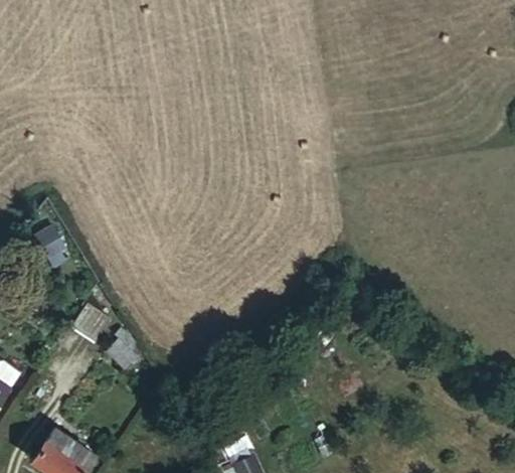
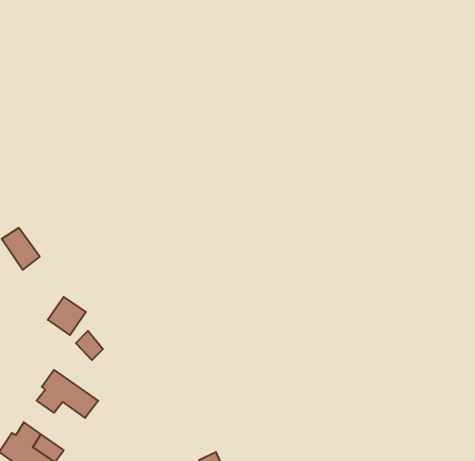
building: none -> [37,370,98,418]

